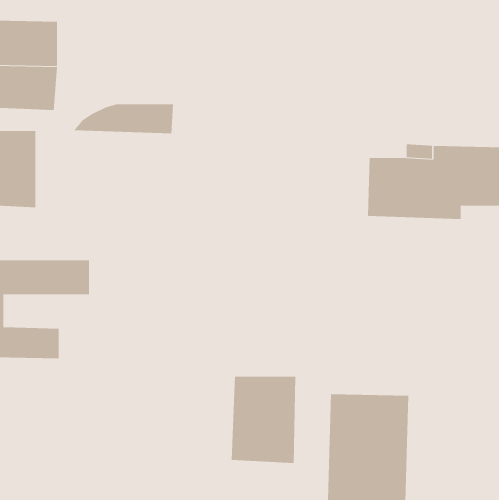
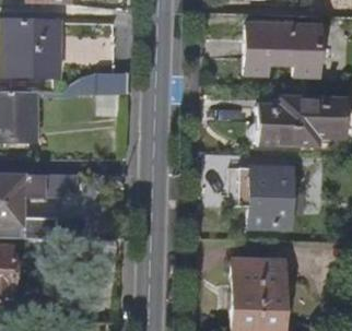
building: none -> [245,24,319,78]
building: [231,376,296,463] -> [248,172,291,228]

